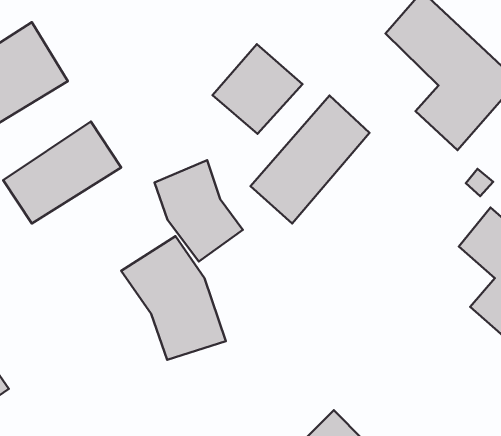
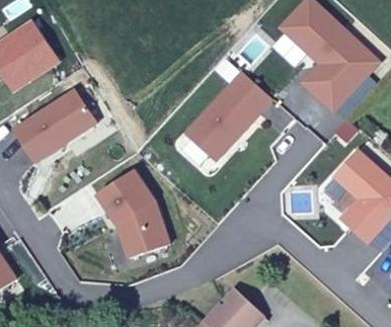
building: [213,44,303,134] -> none
building: [155,160,243,262] -> none

